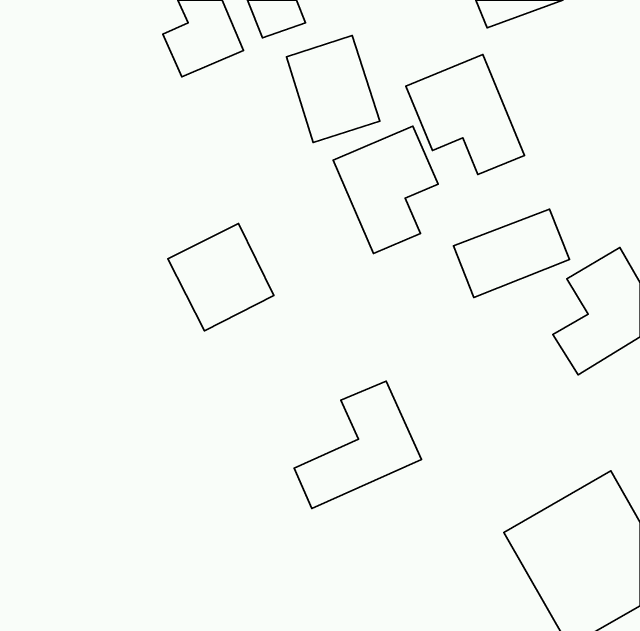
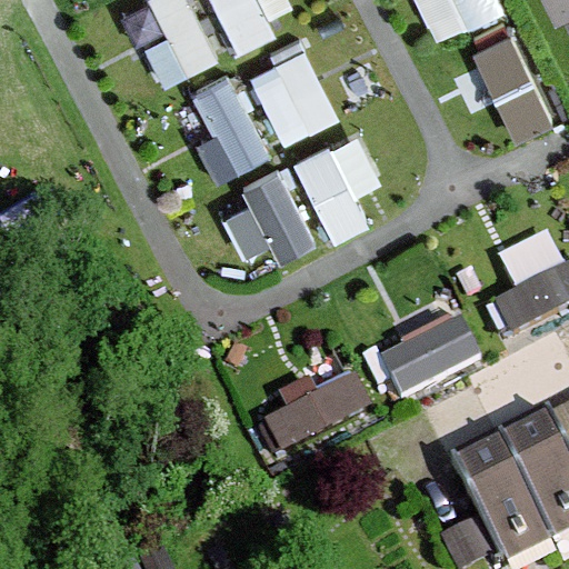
building: [406,55,525,174] -> [450,31,555,137]
building: none -> [176,70,269,178]
building: [453,209,570,297] -> [378,319,480,397]
building: [168,223,274,331] -> [220,172,313,267]

